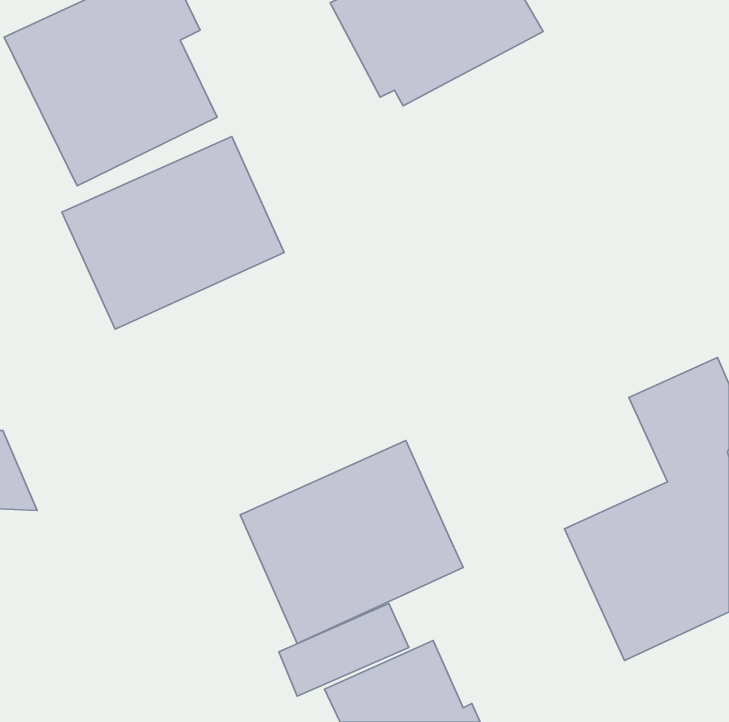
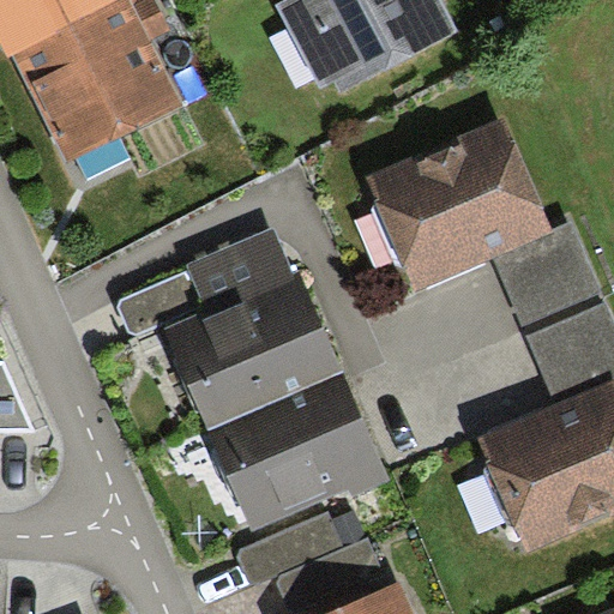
building: [62,137,284,329] -> none
building: none -> [366,125,601,324]
building: none -> [156,224,341,432]

